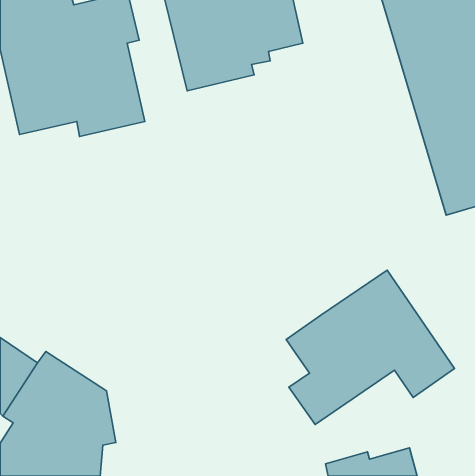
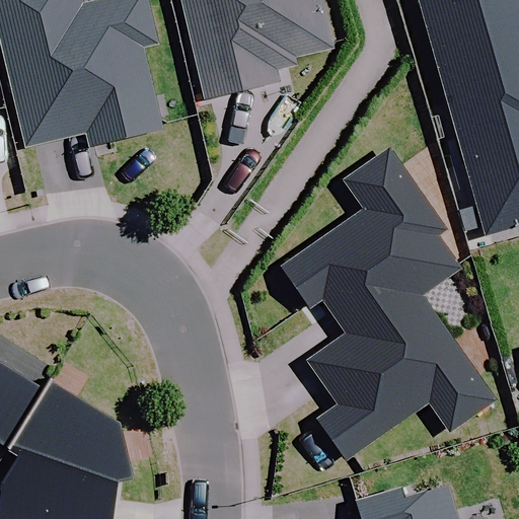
building: none -> [280,148,468,342]

